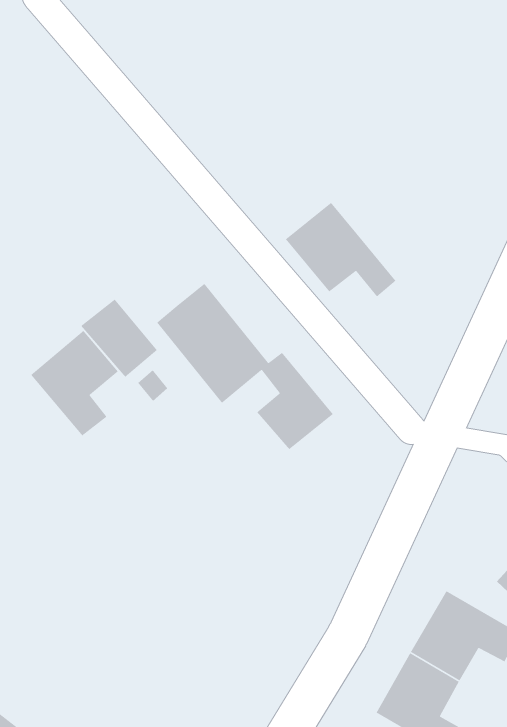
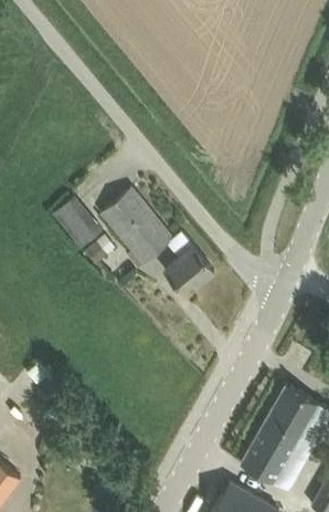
building: [285,202,397,298] -> none
building: [30,330,119,436] -> none

